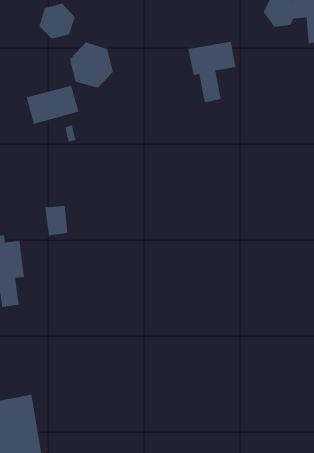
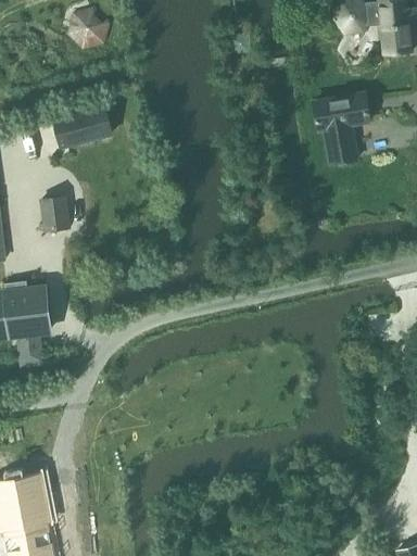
building: [188,41,236,103] -> [311,91,368,164]
building: [69,42,113,89] -> none
building: [44,205,68,236] -> [40,197,68,232]

